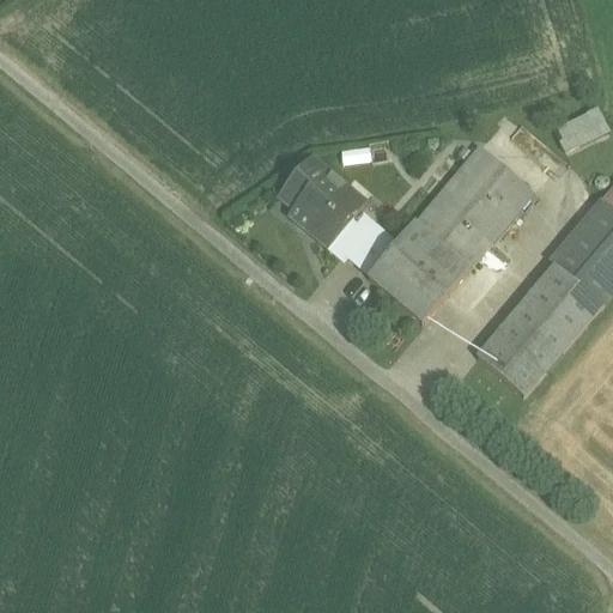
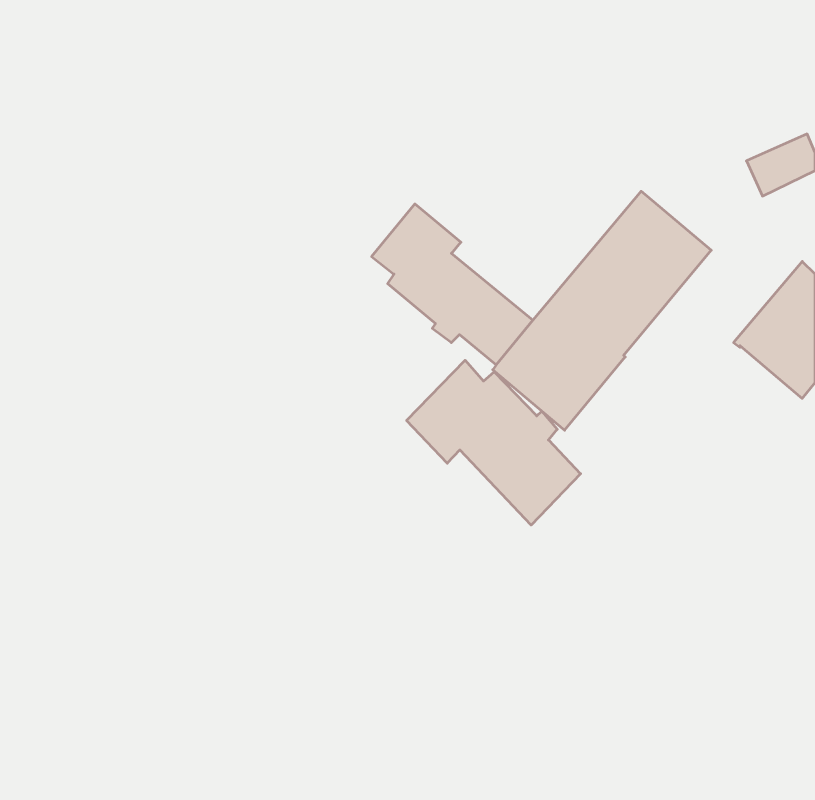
building: [478,260,602,392] -> none
building: none -> [407,360,581,525]

